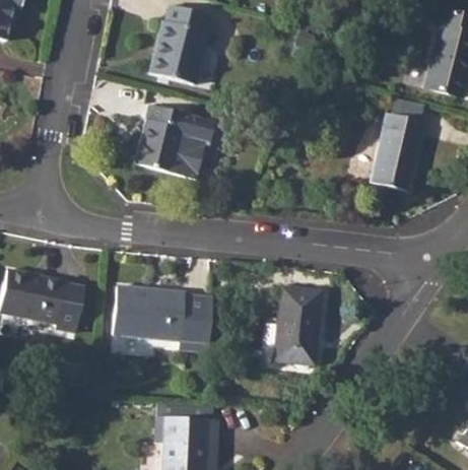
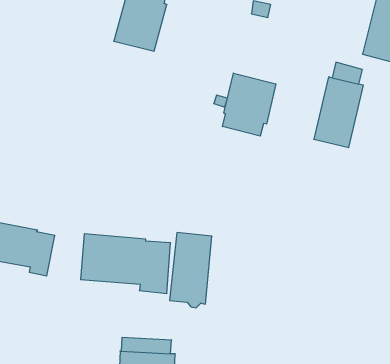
building: [135,104,215,179] -> none
building: none -> [222,73,276,136]
building: [273,286,320,370] -> [170,233,212,308]

